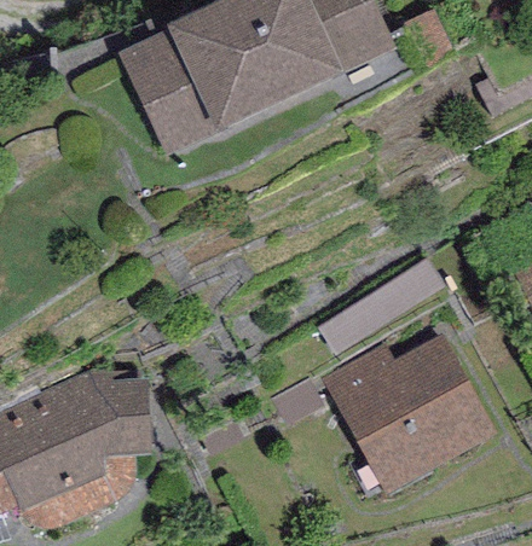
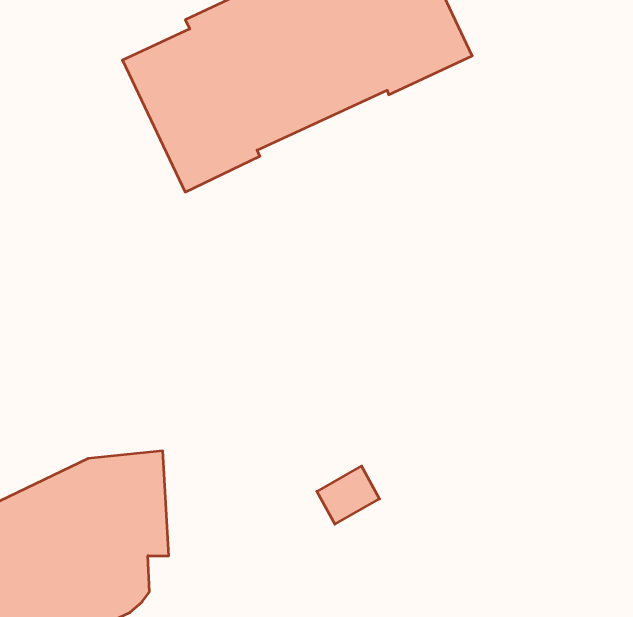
building: [323,333,497,494] -> none

